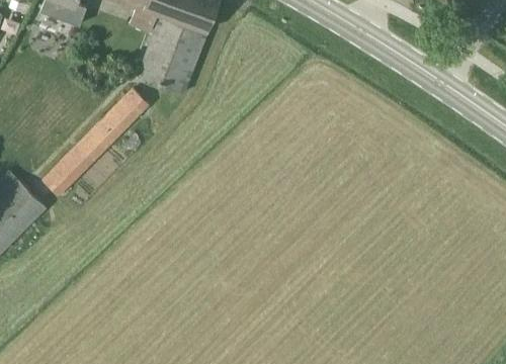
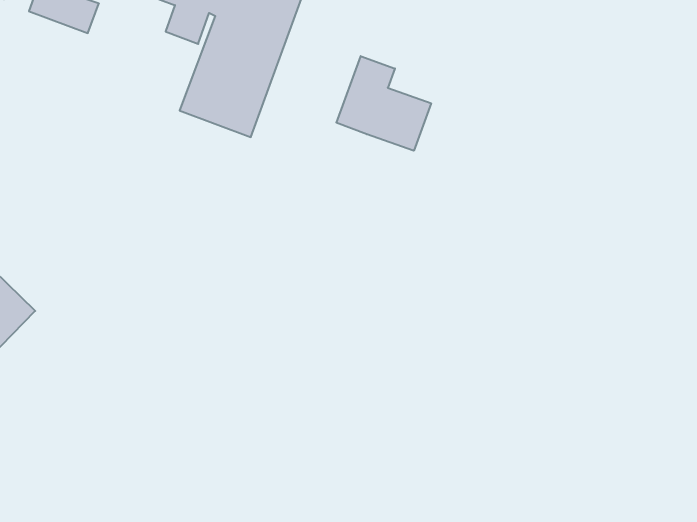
building: none -> [336,56,431,151]
building: [41,90,146,195] -> none

